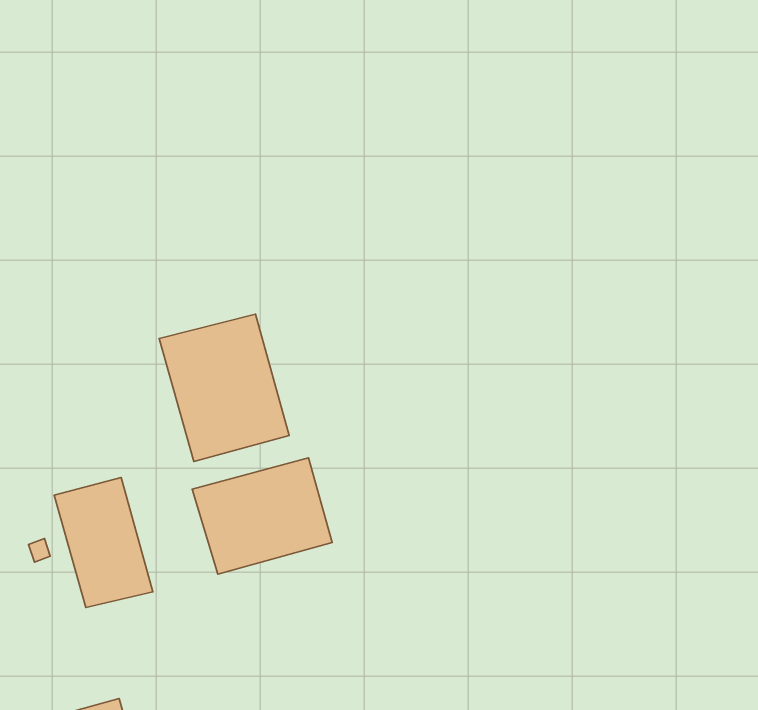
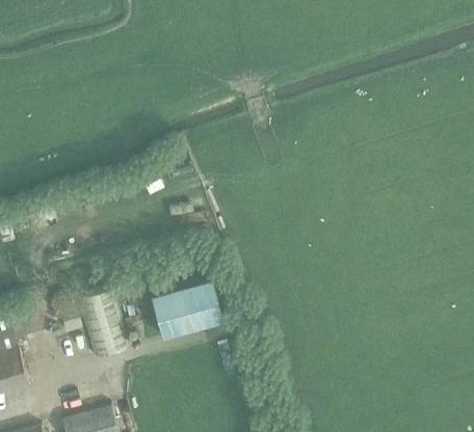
building: [159,314,289,461] -> none

